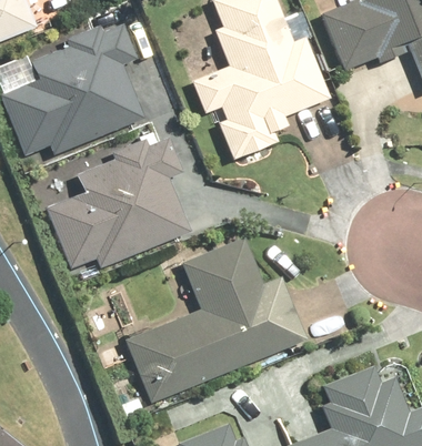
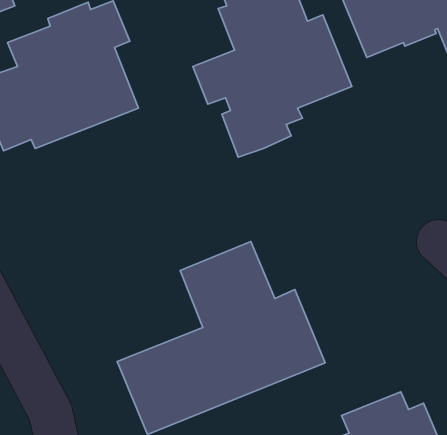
building: [46,136,190,268] -> none

